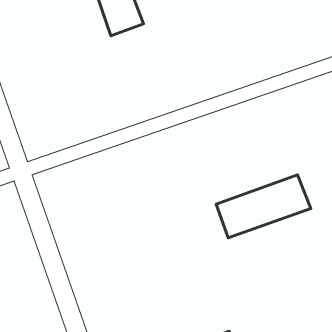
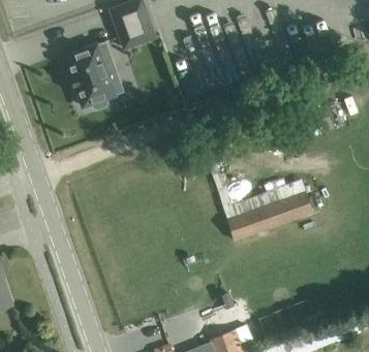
building: none -> [64,41,117,109]

